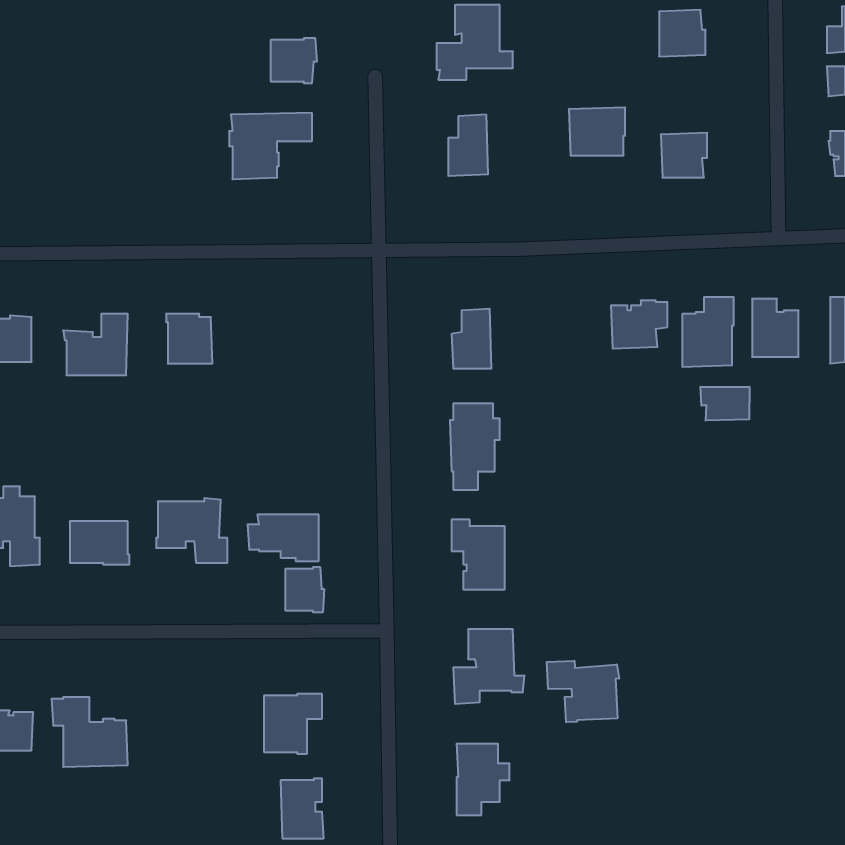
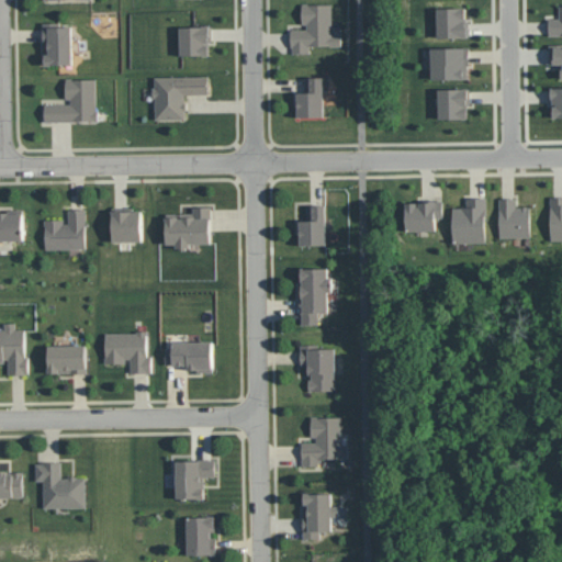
building: none -> [41,24,71,66]
building: [569,107,625,155] -> [429,48,467,80]
building: none -> [43,80,97,123]
building: none -> [164,207,210,250]
building: [701,387,749,421] -> none
building: [286,567,324,612] -> none
building: [547,661,619,722] -> none

